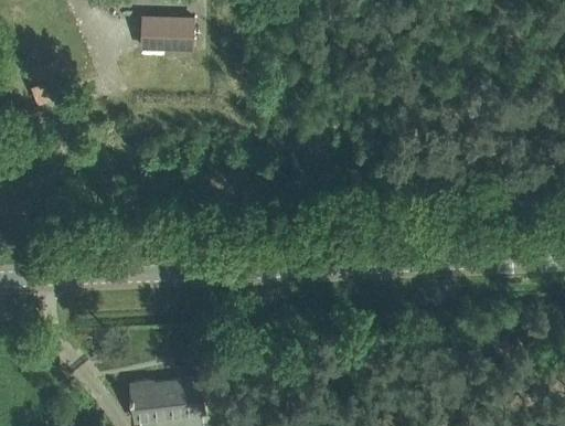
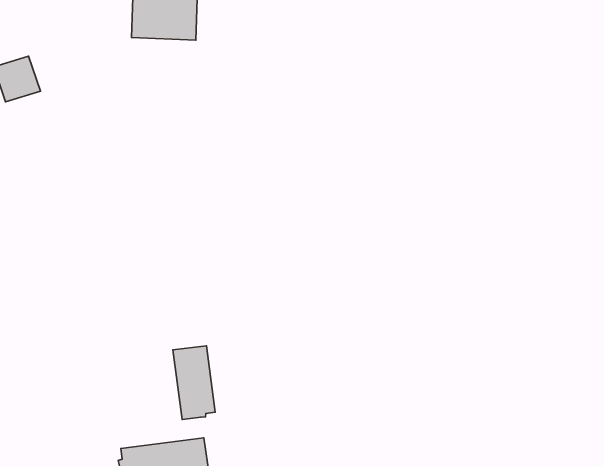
building: none -> [173,346,215,419]

